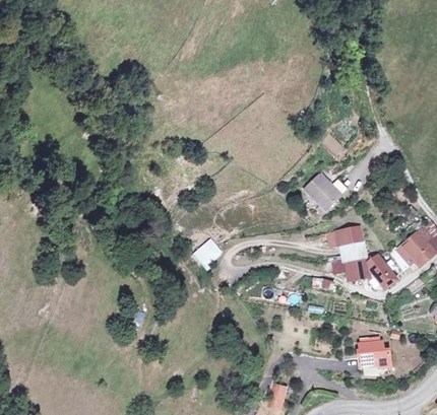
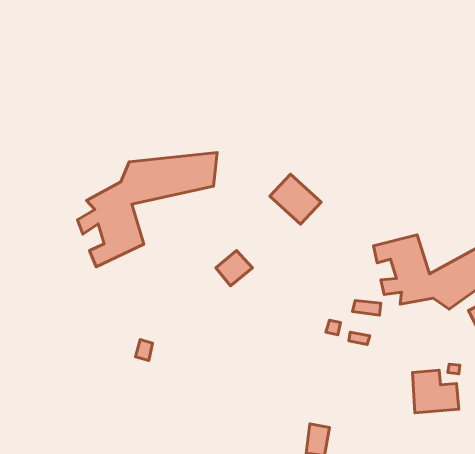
building: none -> [77,153,217,267]
building: [303,170,346,212] -> [270,174,321,224]

